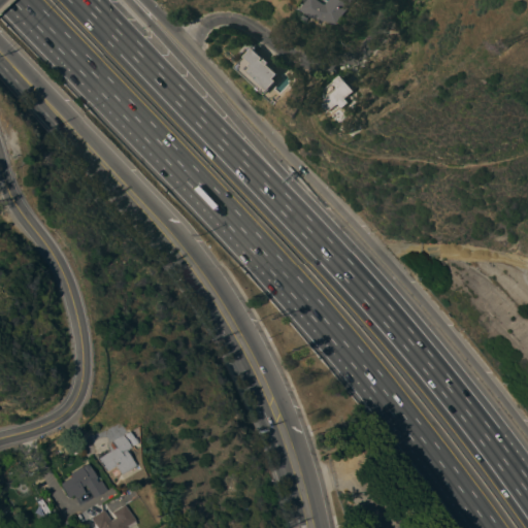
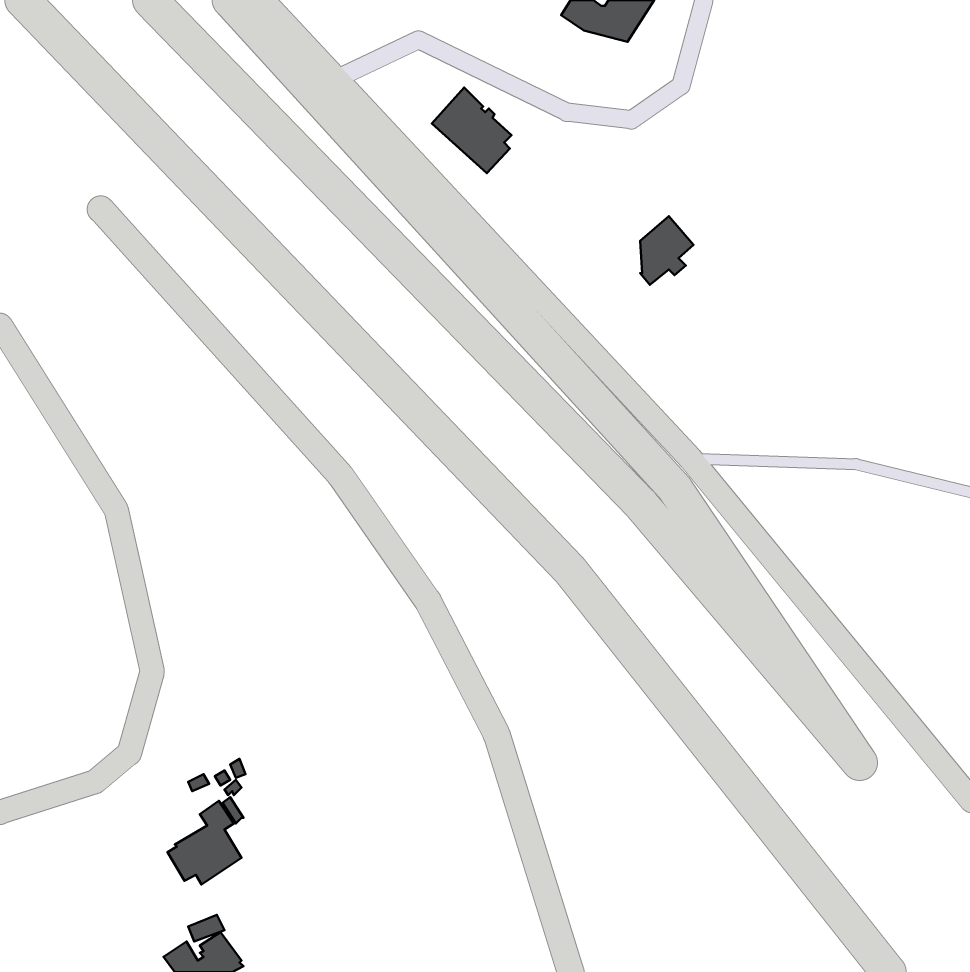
building: [328,74,357,111] -> [640,216,694,285]
building: [60,463,106,498] -> none

